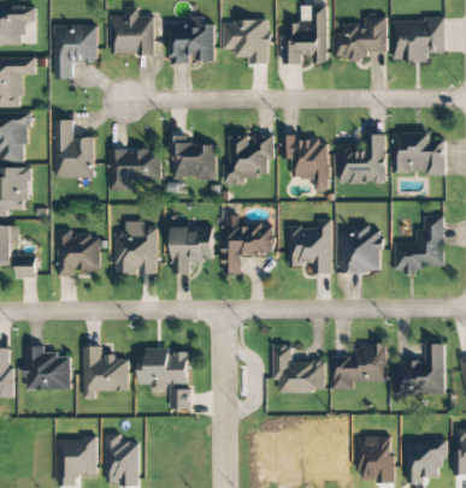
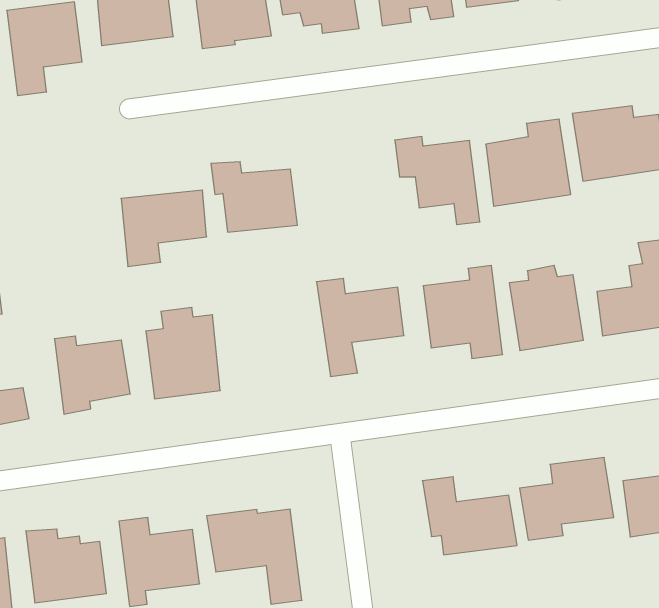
building: [57,119,95,177] -> none
building: [224,135,275,184] -> none
building: [172,226,214,274] -> none

